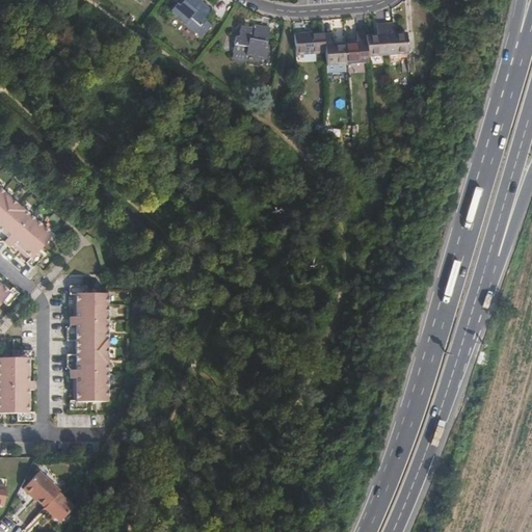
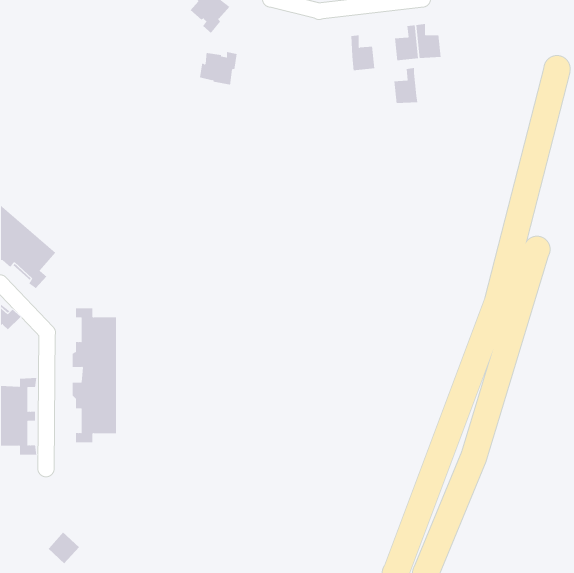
building: [234,25,269,56] -> [199,52,237,85]
building: [345,30,368,63] -> [394,68,418,104]
building: [294,31,325,54] -> none
building: [22,471,59,507] -> none

